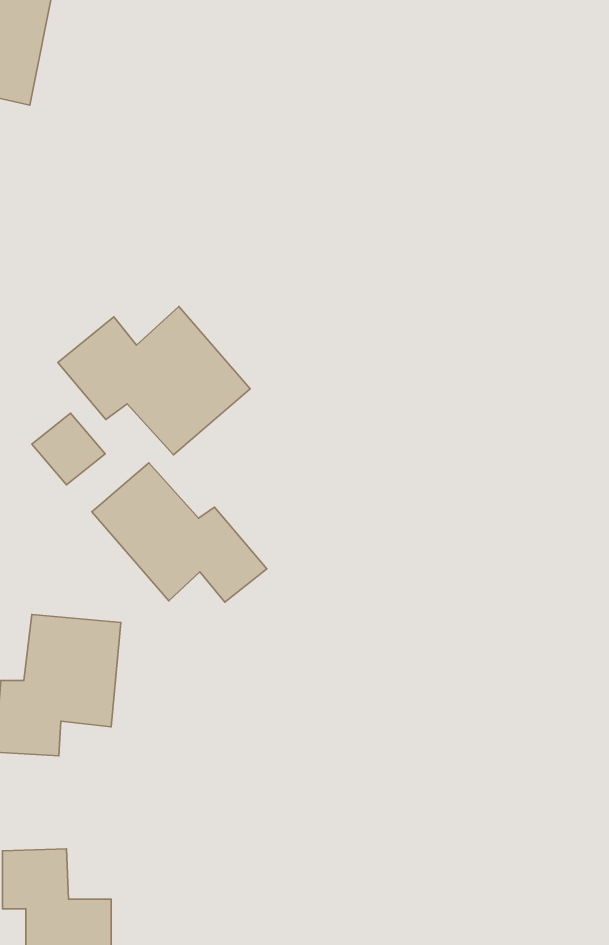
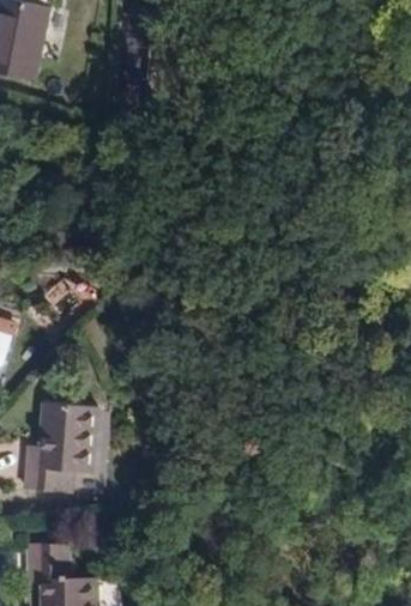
building: [58,307,250,455] -> none
building: [92,463,267,602] -> none

